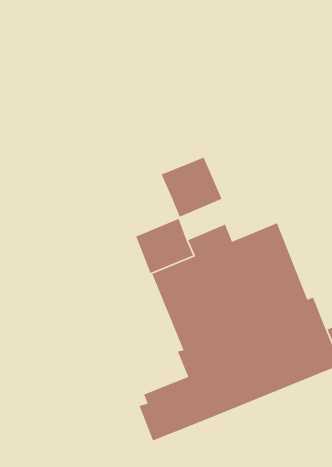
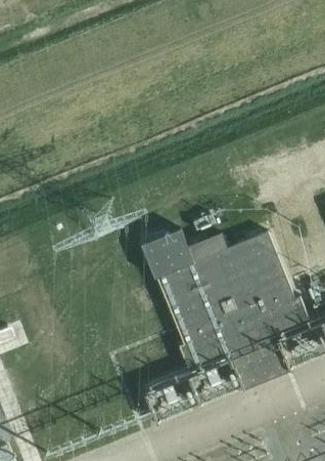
building: [160,156,223,218] -> none

